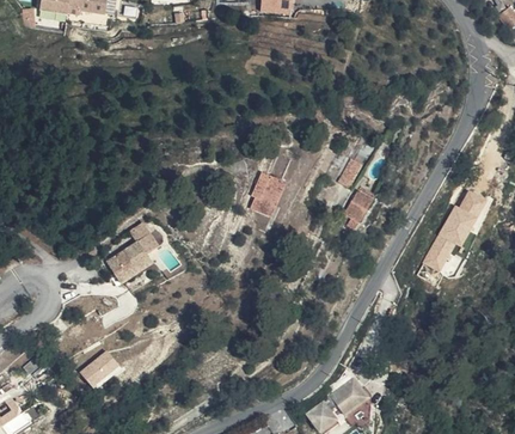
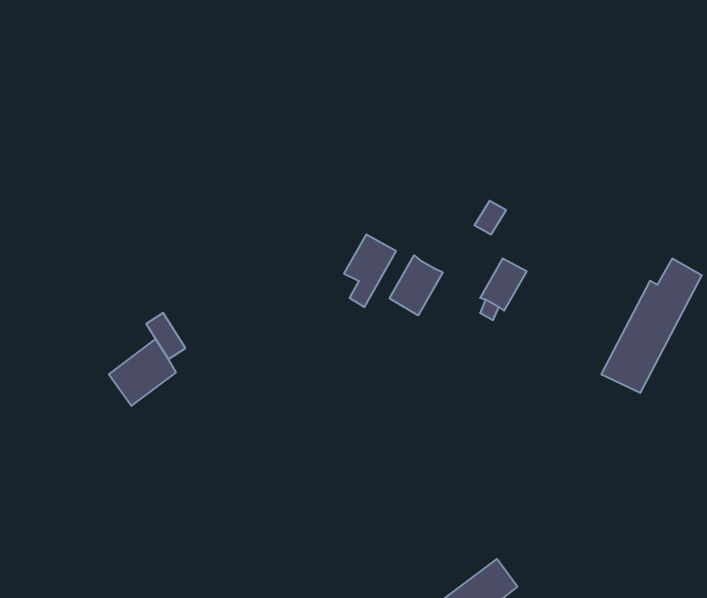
building: none -> [390,255,443,315]
building: [79,349,122,389] -> none

